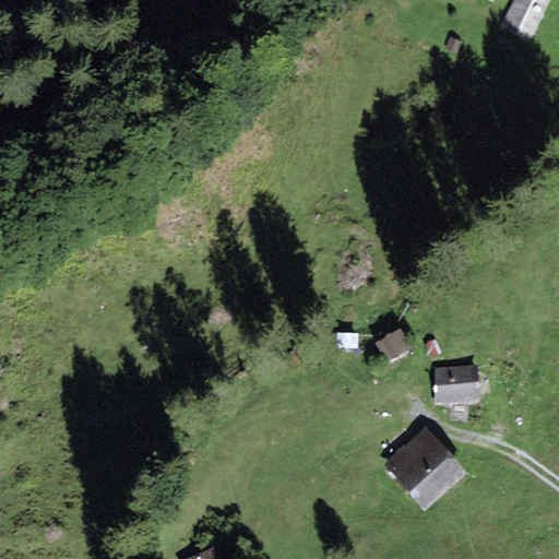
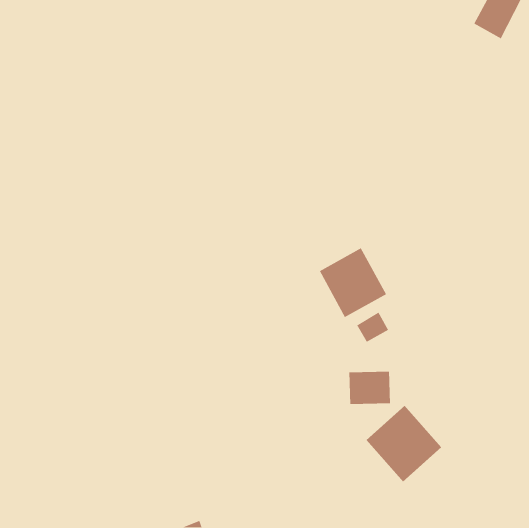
building: none -> [319,247,387,318]
building: [435,366,479,402] -> [348,371,391,405]

